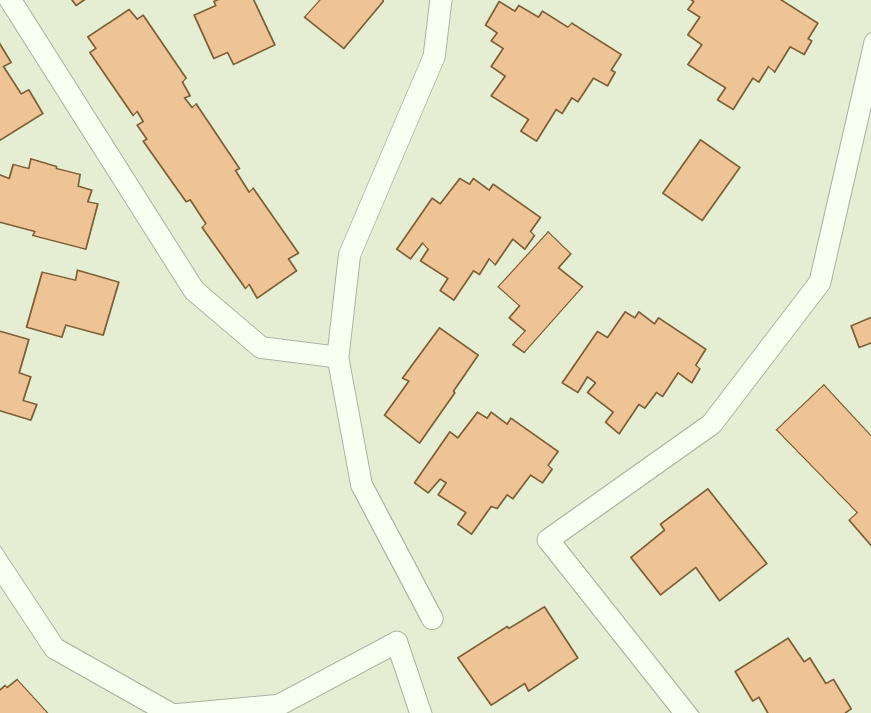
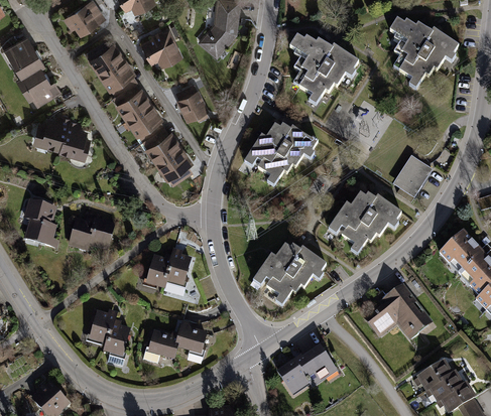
building: none -> [175,83,209,121]
building: [663,140,740,221] -> [392,155,432,196]
building: [498,232,583,352] -> none
building: [26,270,119,337] -> [68,217,115,251]
building: [385,328,478,443] -> none
building: none -> [145,248,192,288]
building: none -> [89,309,130,357]
building: none -> [147,321,208,360]

